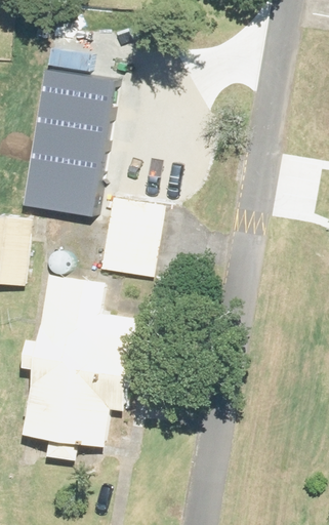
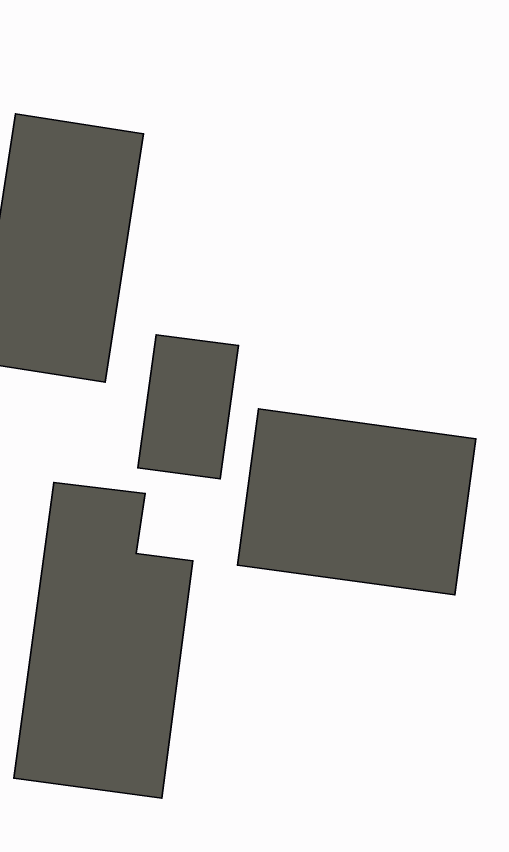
building: none -> [238,409,476,595]

